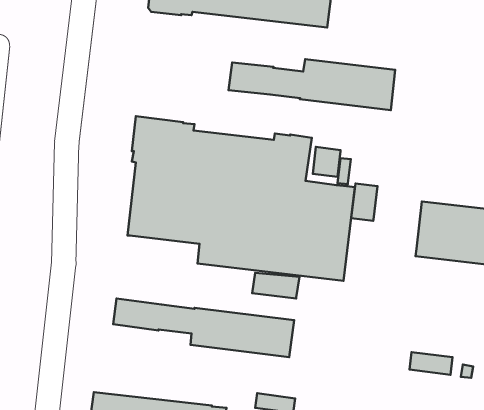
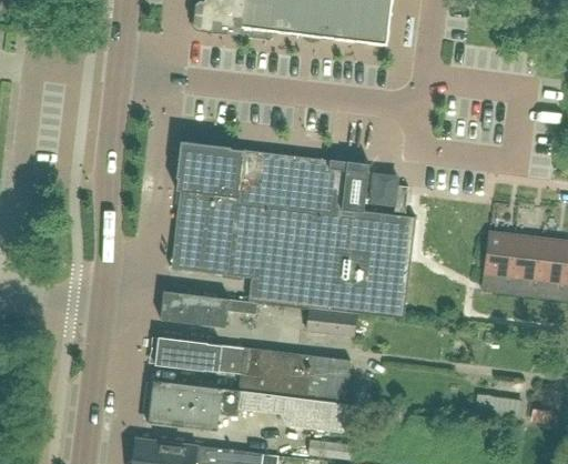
building: [229,59,395,110] -> none
building: [351,184,377,221] -> none
building: none -> [161,292,256,327]
building: none -> [146,381,348,433]

